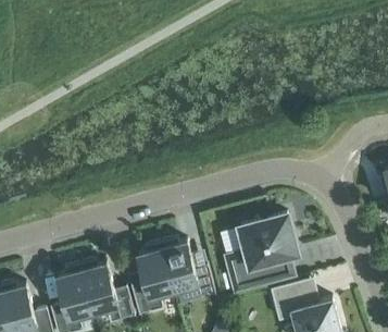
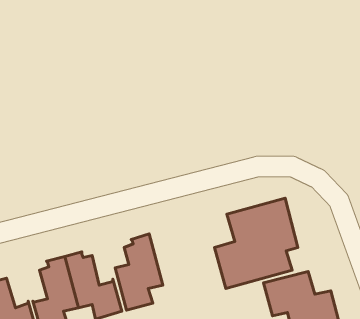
building: [161,237,215,305] -> none

